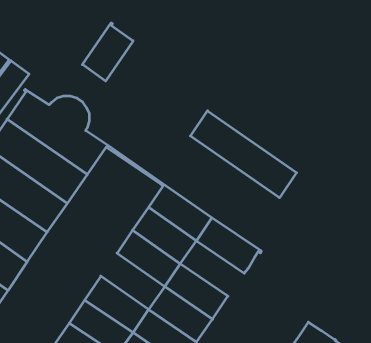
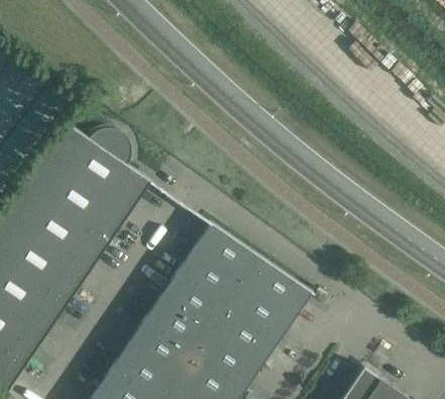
building: [82,23,133,81] -> none
building: [190,111,297,198] -> none
building: none -> [225,283,293,341]
building: none -> [141,296,209,356]

